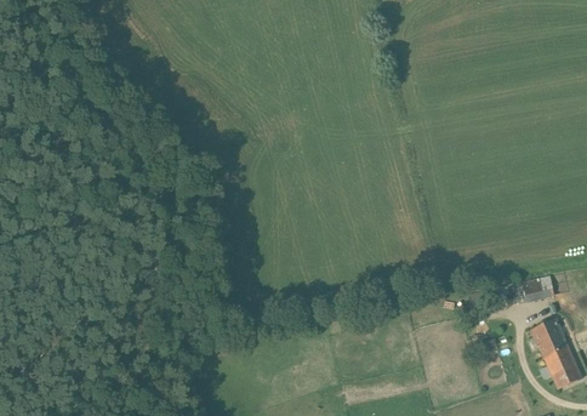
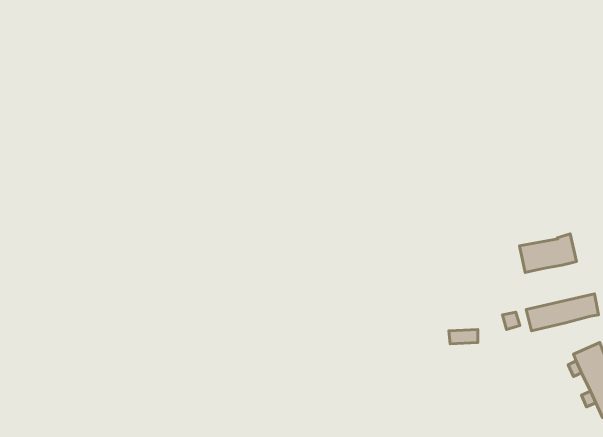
building: none -> [520,234,577,273]

